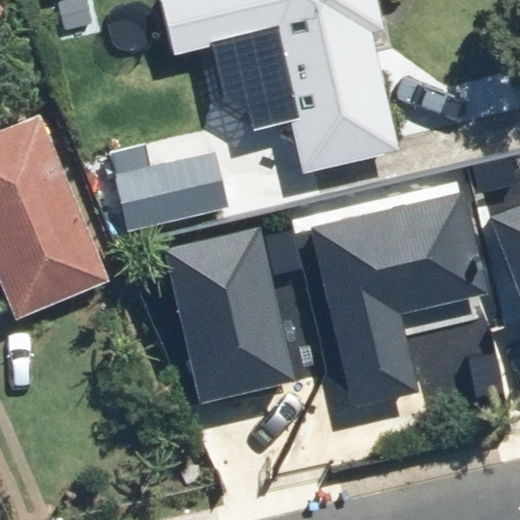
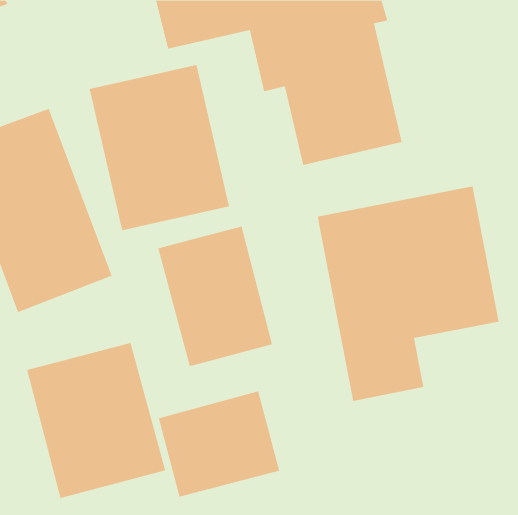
building: none -> [26,342,166,499]
building: none -> [158,391,280,498]

